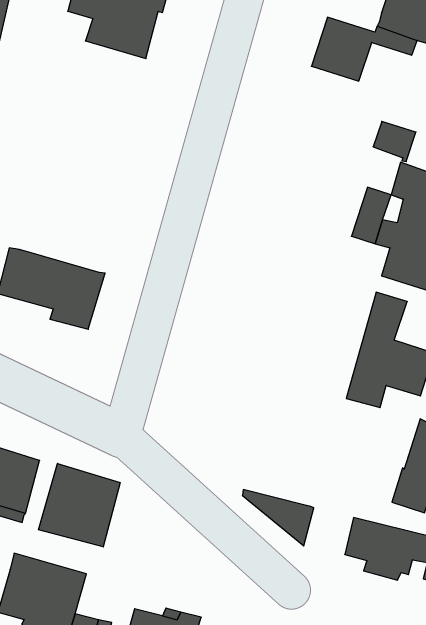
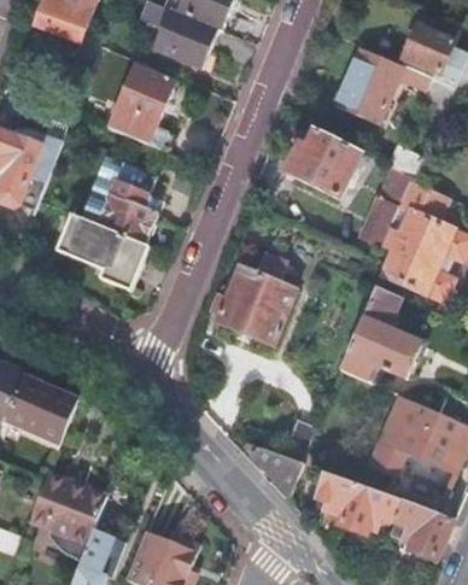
building: none -> [106,68,171,144]
building: none -> [285,128,359,197]
building: none -> [78,154,158,244]
building: none -> [212,253,299,345]
building: [39,463,120,547] -> none

